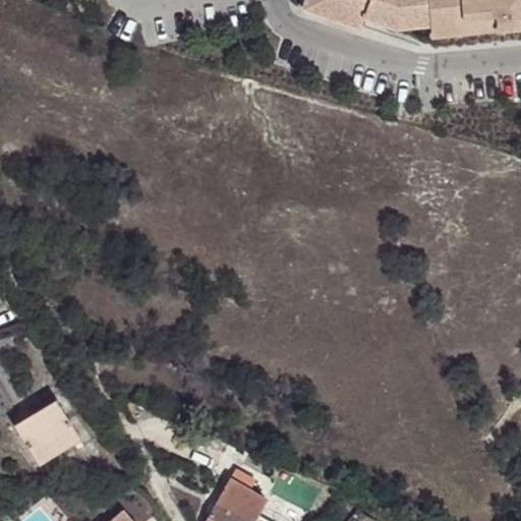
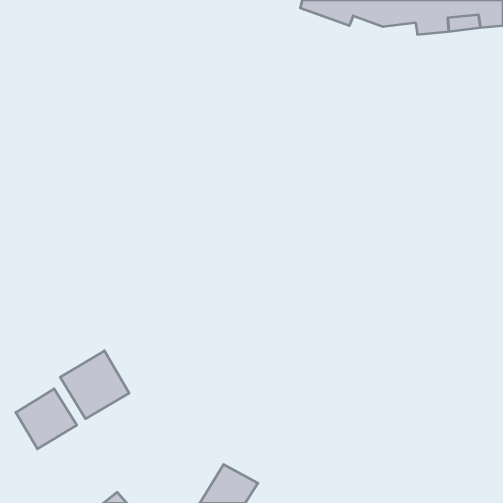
building: none -> [60,351,129,419]

